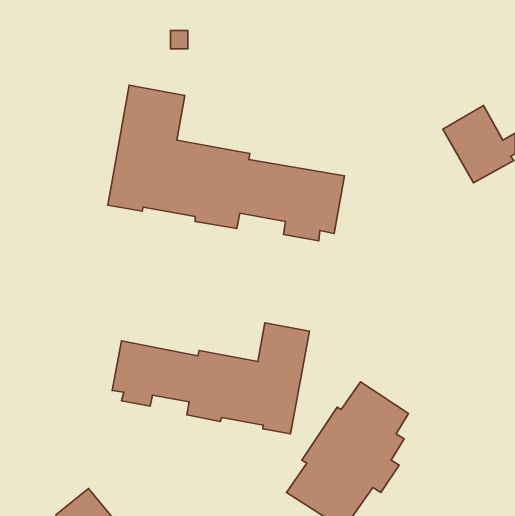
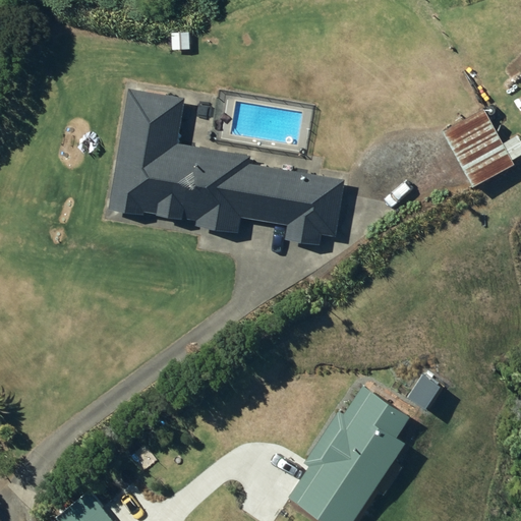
building: [112,323,310,434] -> none

